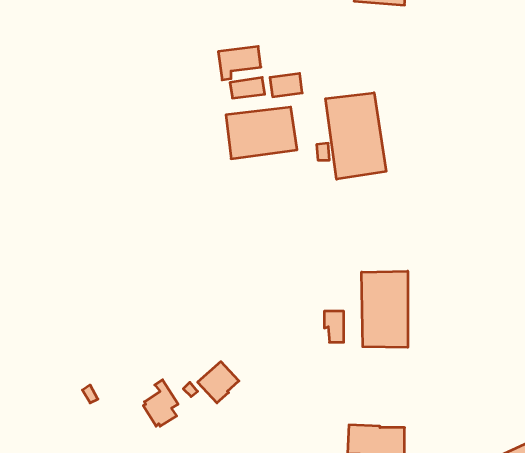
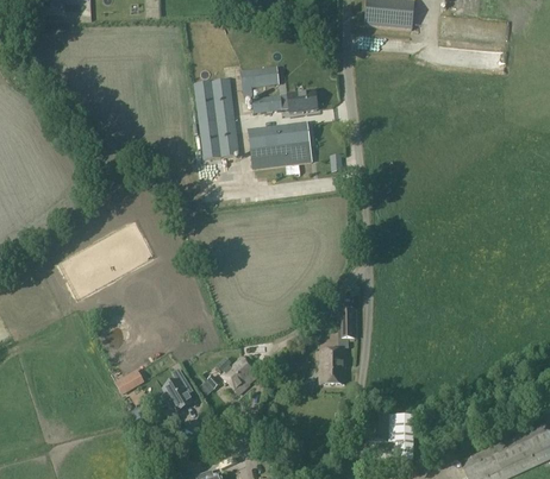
building: none -> [194,78,240,159]
building: [326,93,386,179] -> none
building: [362,271,408,347] -> none
building: none -> [320,349,346,383]

